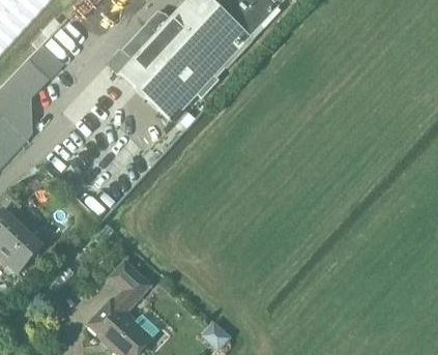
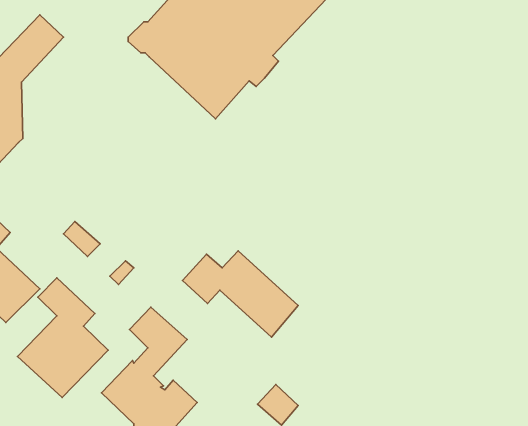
building: none -> [183,251,298,337]
building: none -> [17,278,108,398]

